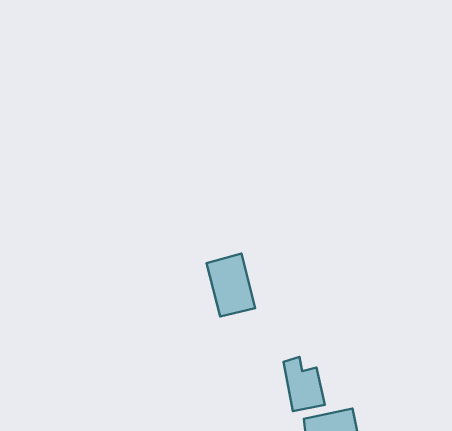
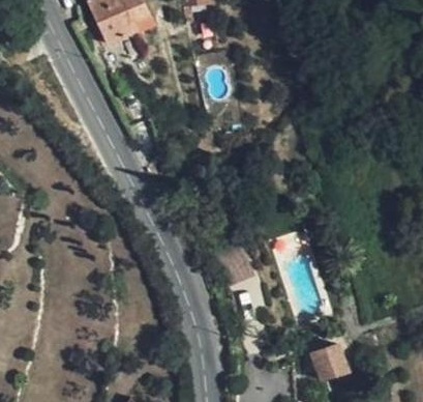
building: [283,357,325,411] -> none

